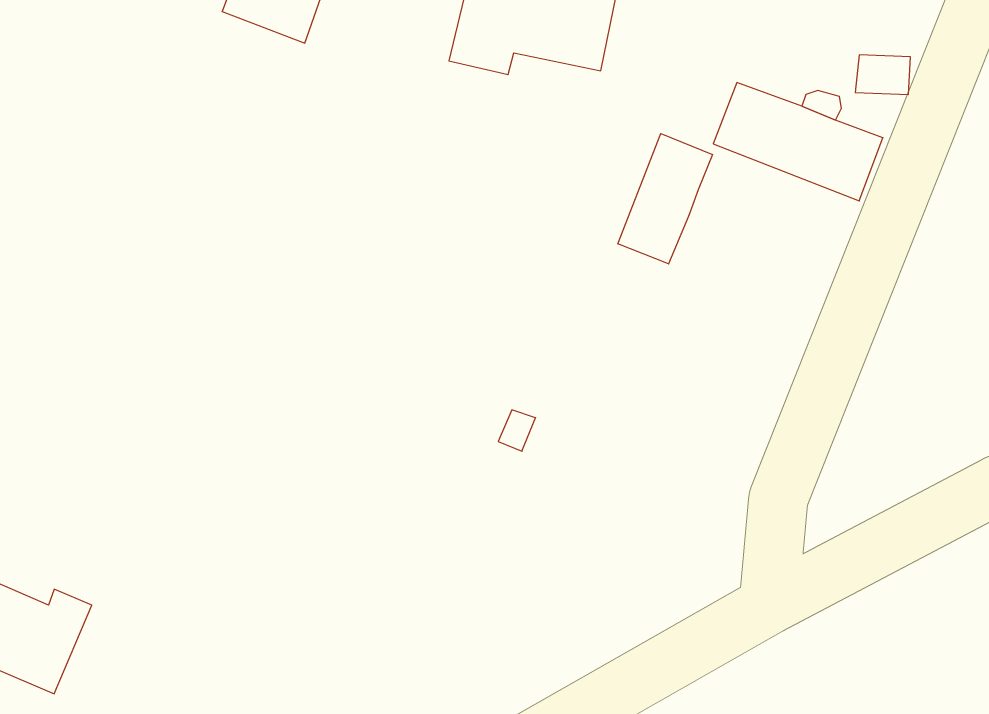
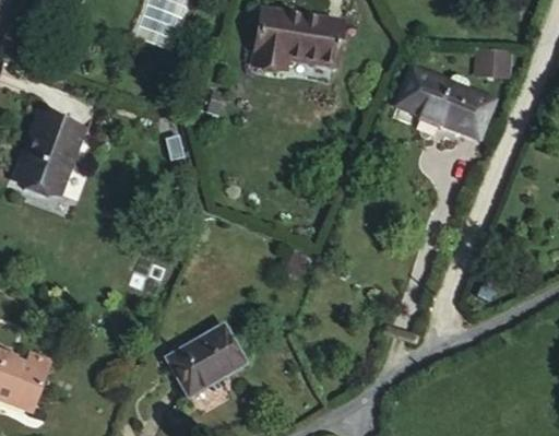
building: [618,134,713,264] -> none
building: none -> [31,116,102,198]
building: none -> [165,329,240,396]

